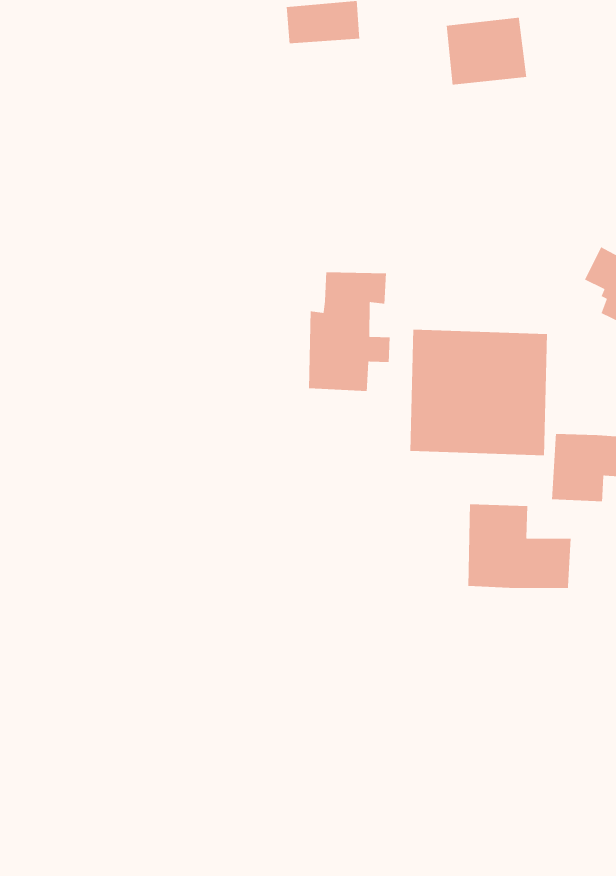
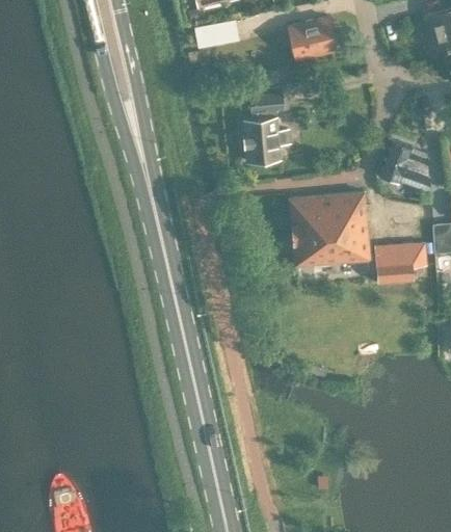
building: [308,271,391,392] -> [242,94,290,163]
building: [468,504,571,589] -> none

